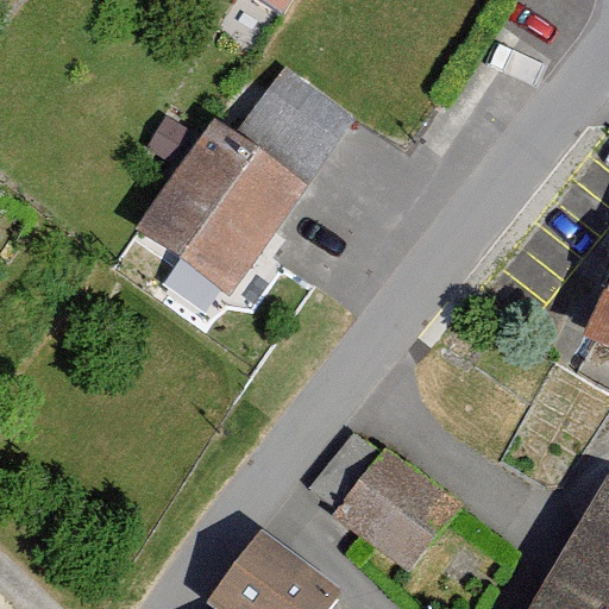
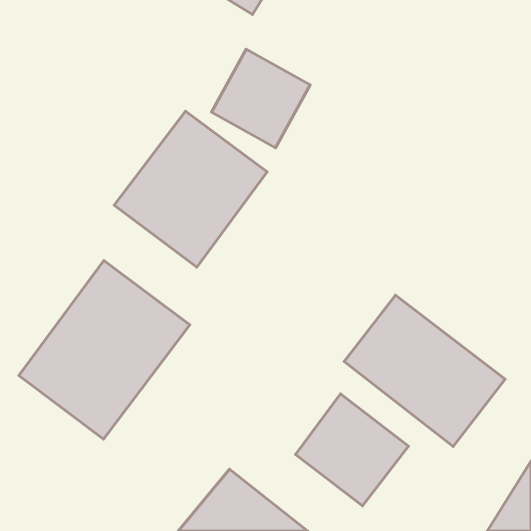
building: none -> [19,260,190,439]
building: none -> [344,295,505,447]

